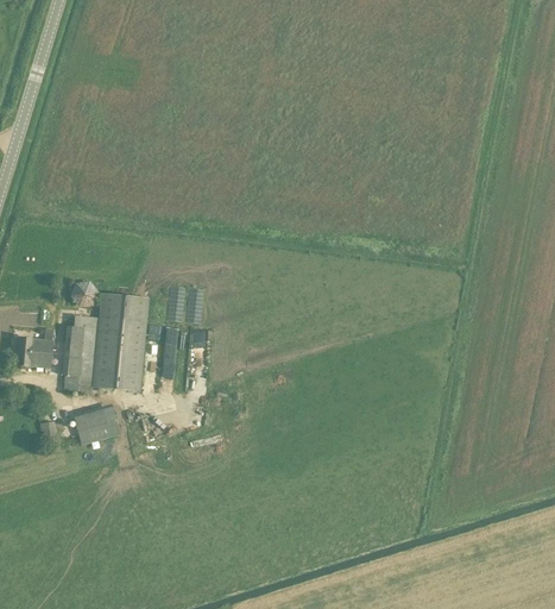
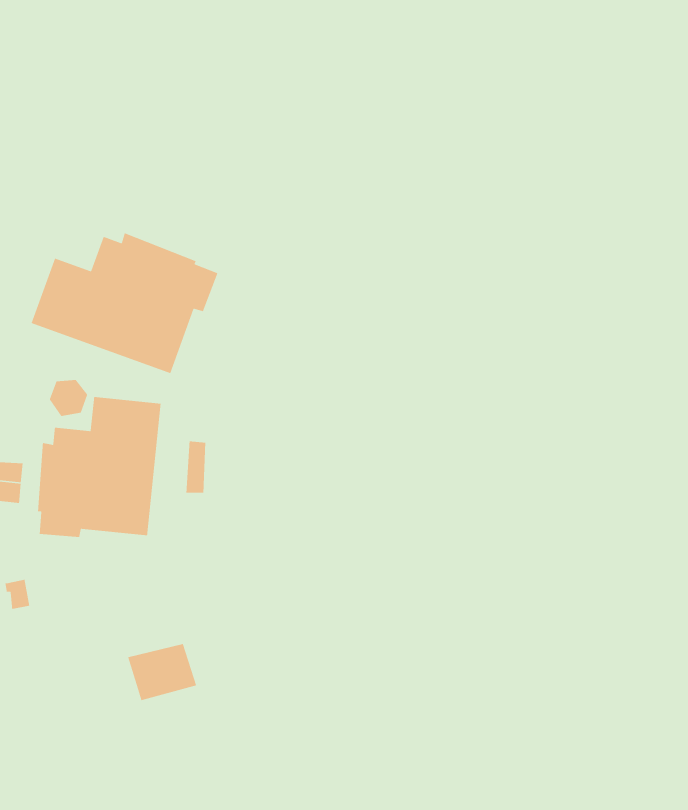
building: none -> [30,232,219,374]
building: [71,404,120,445] -> [127,643,197,701]

